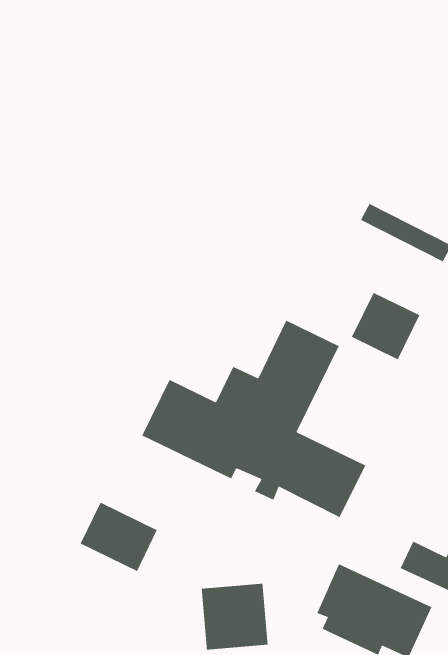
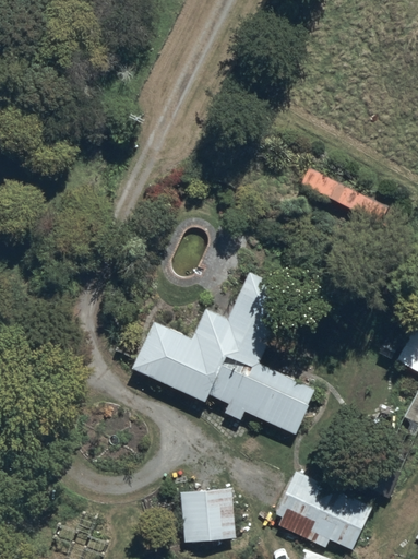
building: [351,292,420,360] -> none
building: [80,502,158,572] -> none

